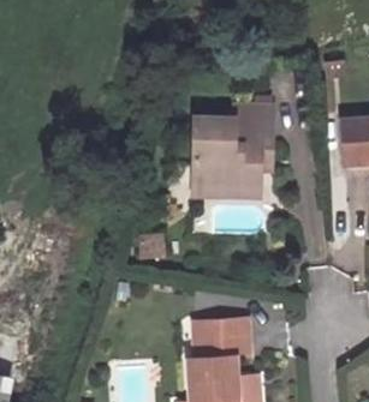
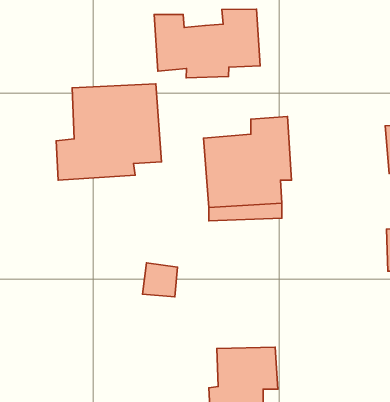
building: none -> [154,9,260,78]
building: none -> [56,84,162,180]

